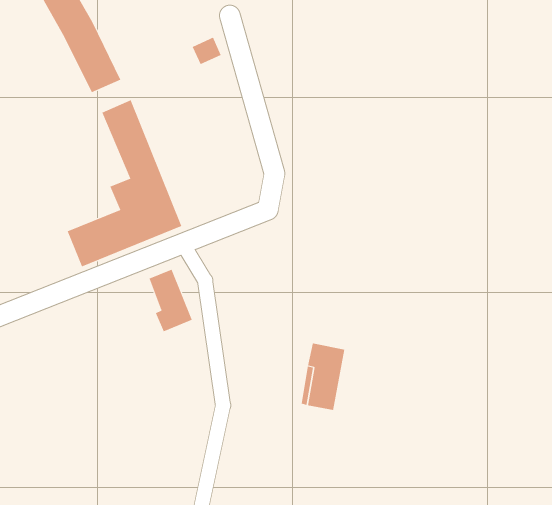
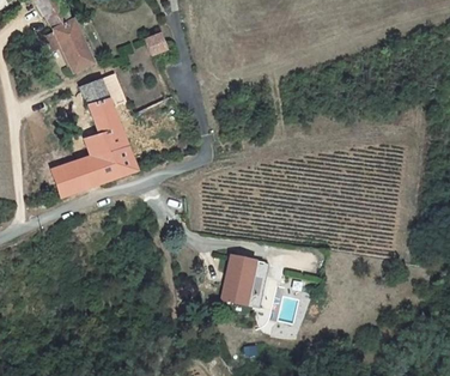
building: [149,269,193,332] -> none

